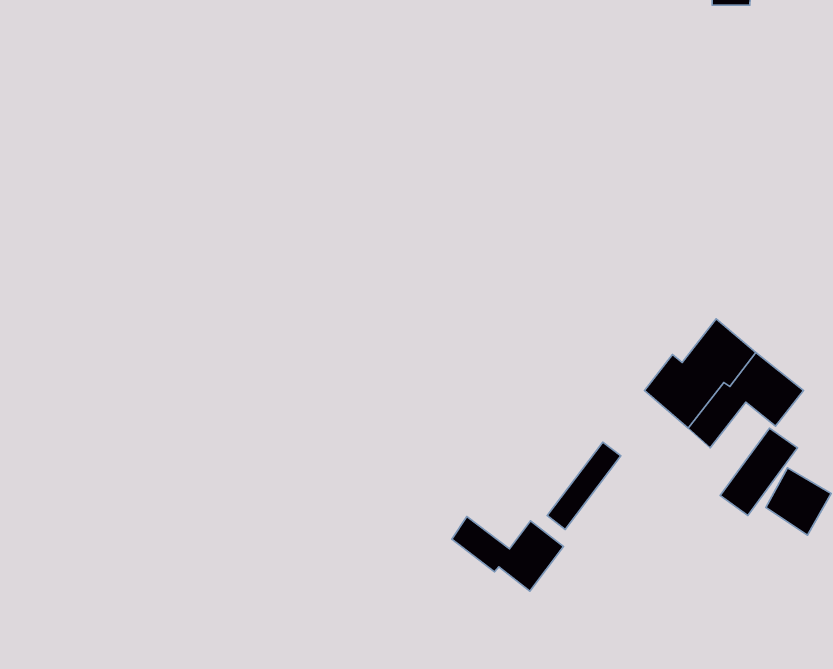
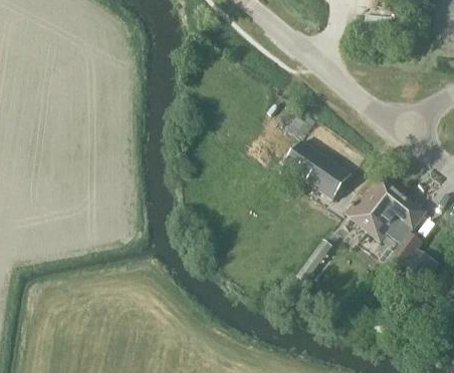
building: none -> [284,141,352,200]
building: [452,516,564,591] -> none

